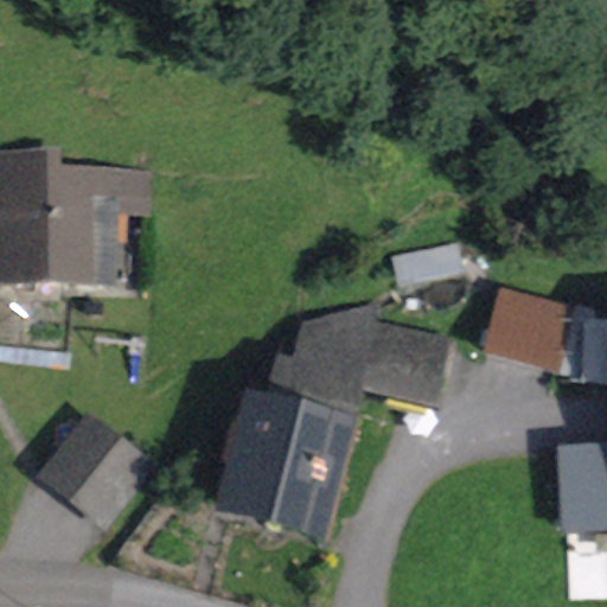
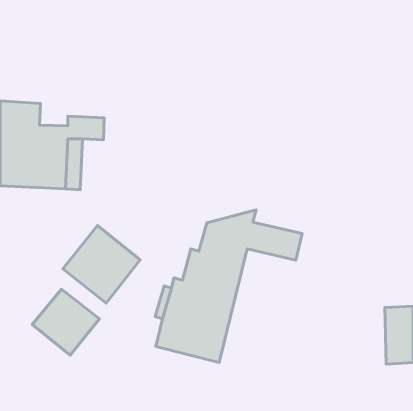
building: [486,293,573,371] -> none
building: none -> [63,225,140,303]

